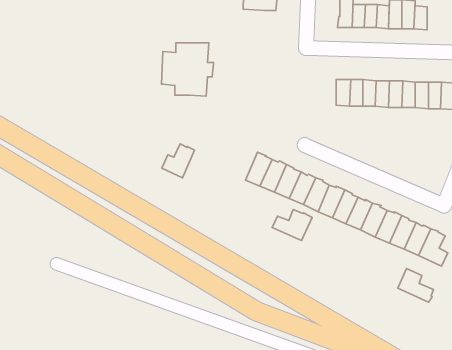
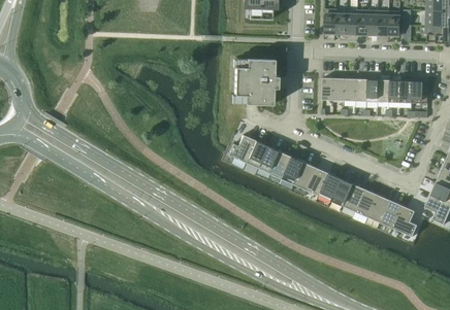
building: [161,43,214,96] -> [234,60,279,105]
building: [162,144,195,178] -> [228,135,256,164]
building: [272,209,312,241] -> none
building: [398,269,434,302] -> none

